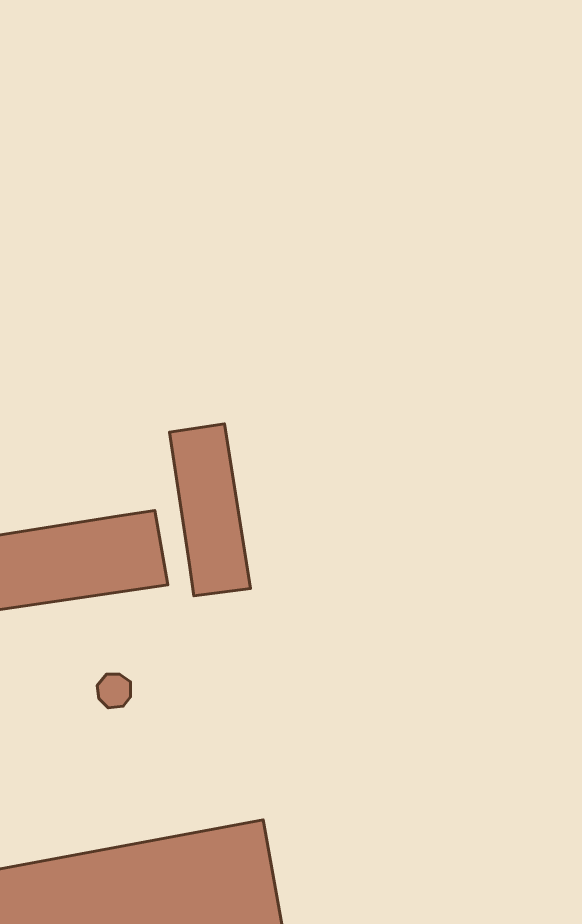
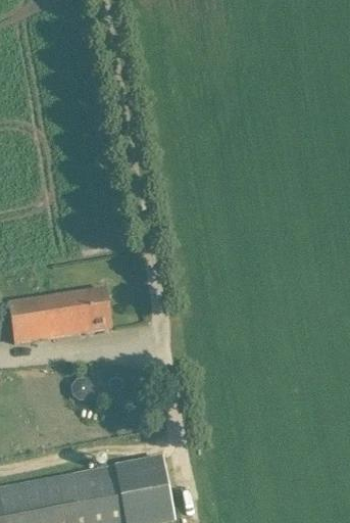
building: [170,424,251,596] -> none

